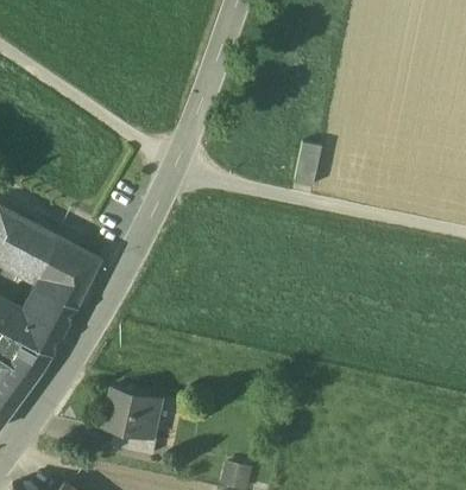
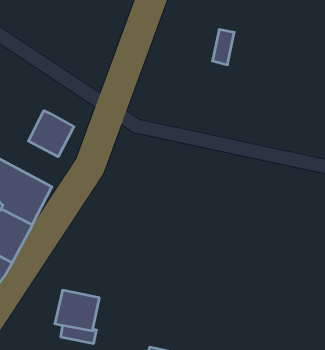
building: [295,142,322,186] -> [212,30,234,65]
building: none -> [28,111,74,157]

